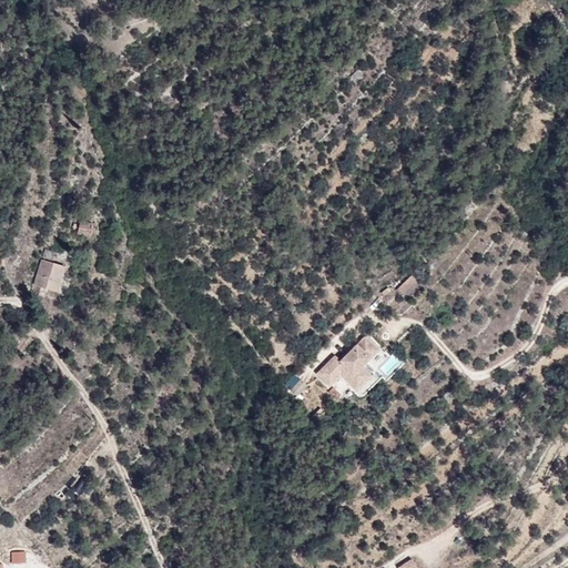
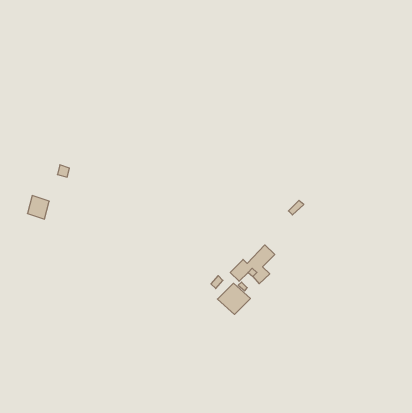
building: none -> [217,283,250,314]

